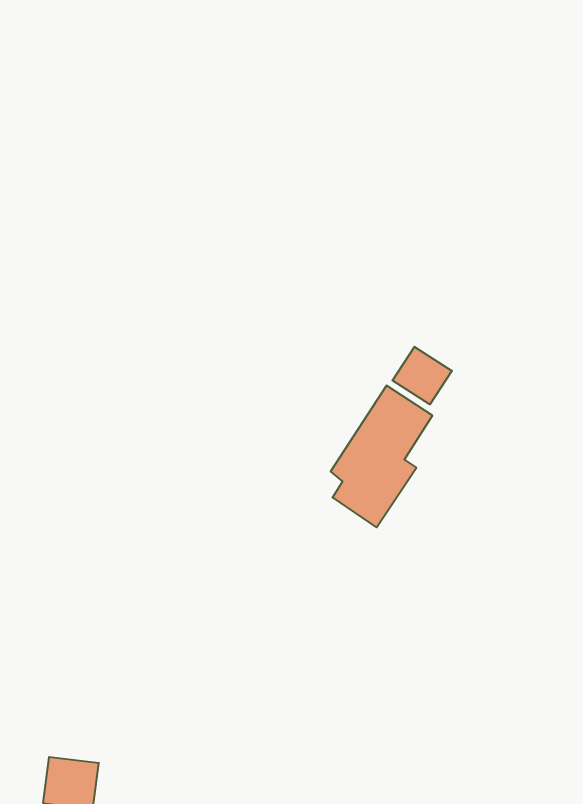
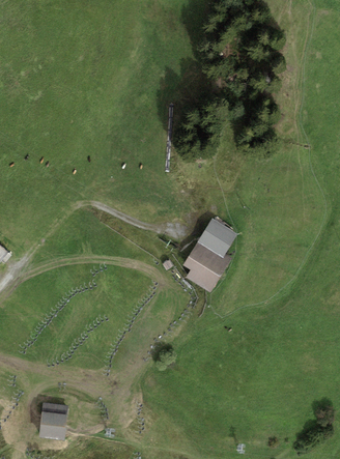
building: [392,347,452,404] -> none

